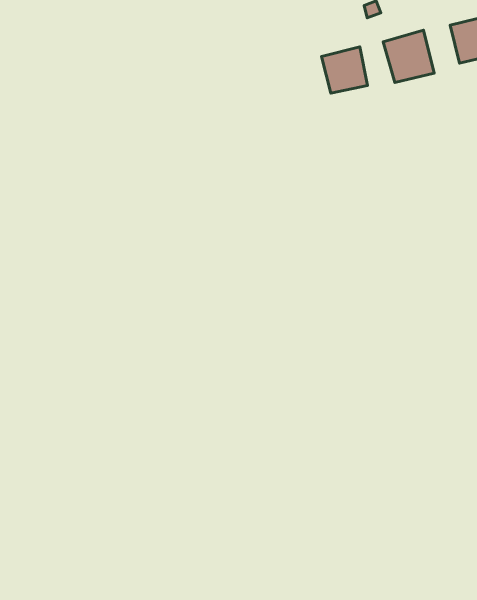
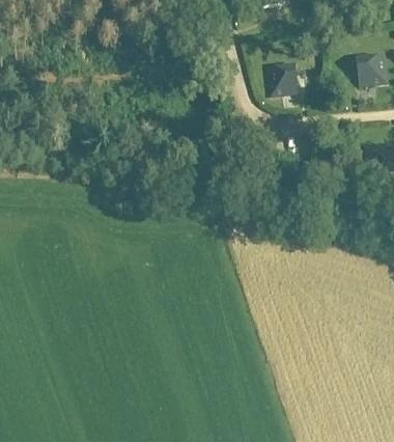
building: [383,30,434,83] -> none

